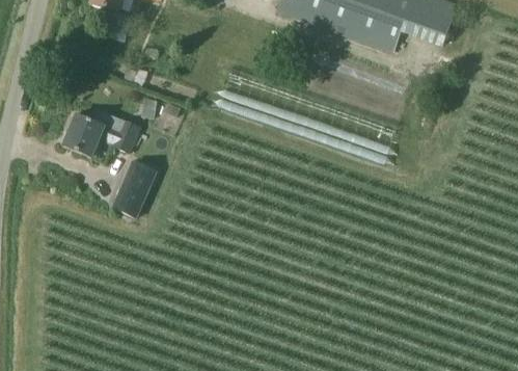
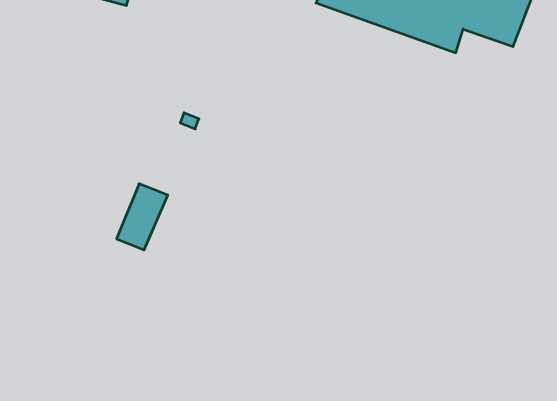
building: [62,109,141,158] -> none

